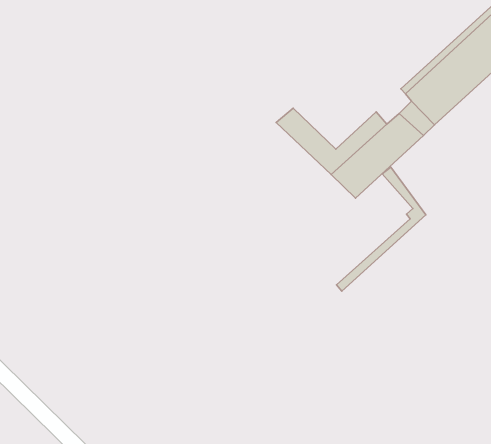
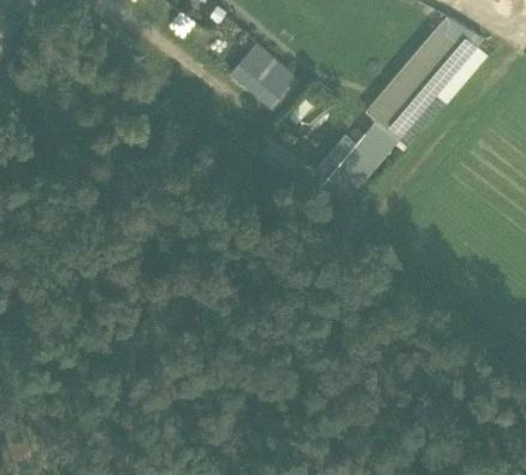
building: none -> [234,53,283,100]
building: [337,167,426,291] -> none

